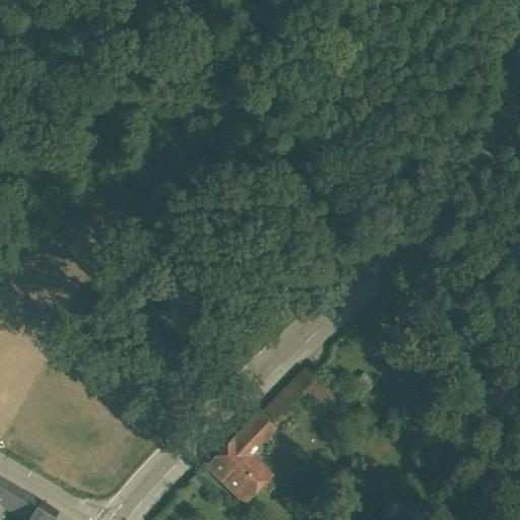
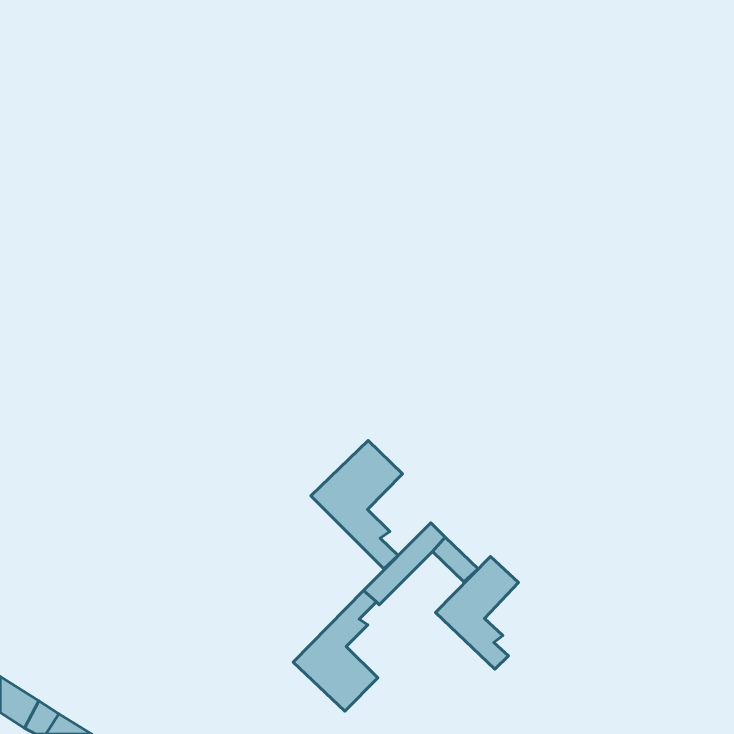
building: none -> [311,440,403,569]
building: none -> [435,556,518,669]

